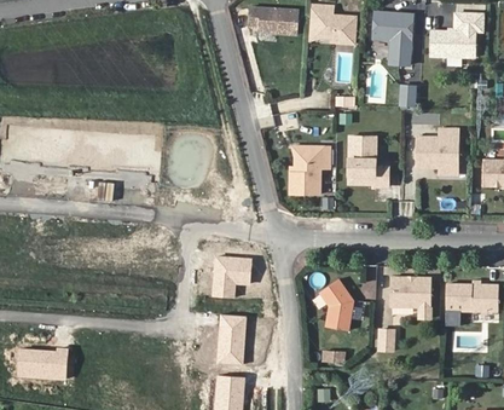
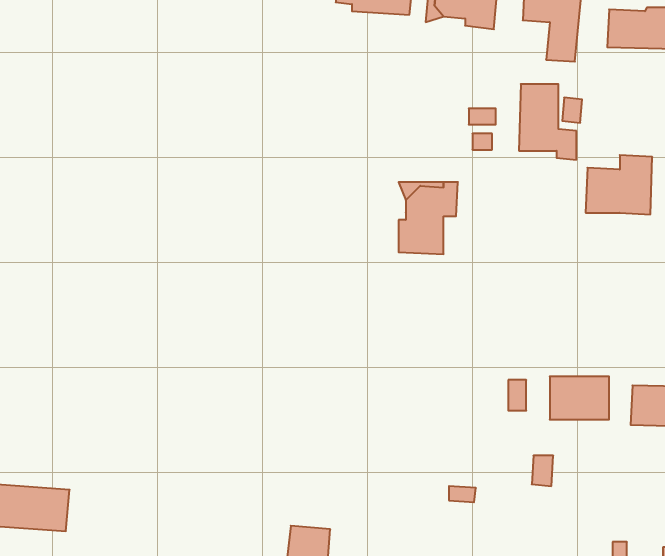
building: [351,137,389,187] -> [519,84,576,160]
building: [213,258,253,300] -> none
building: [320,279,353,331] -> none
building: [216,316,247,364] -> none

